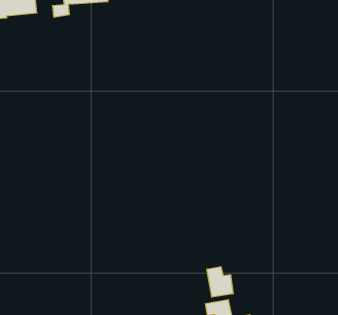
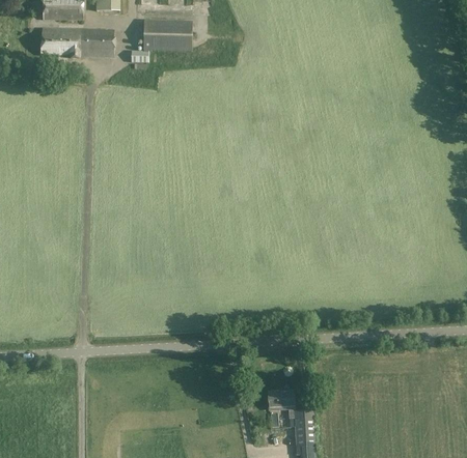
building: [207,267,233,297] -> none

